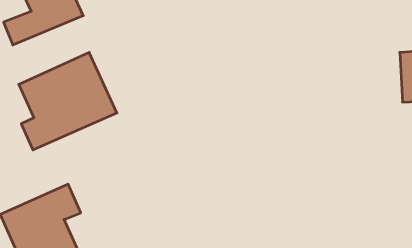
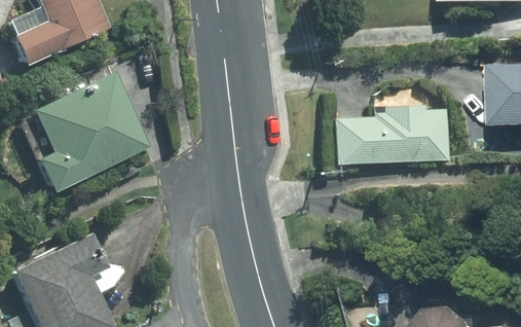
building: none -> [336,107,450,167]

